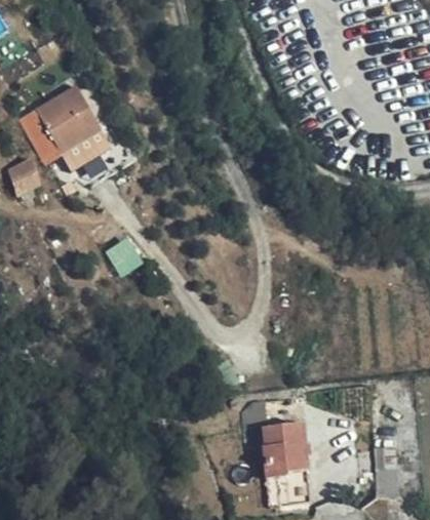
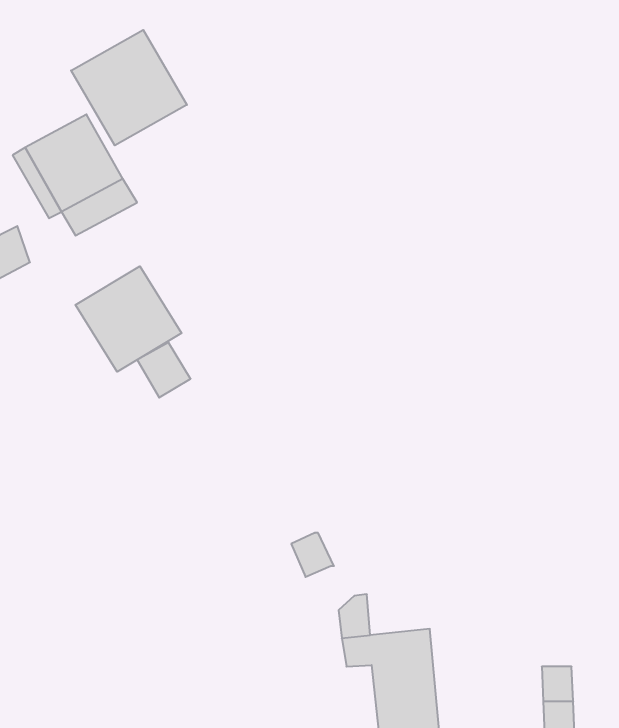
building: none -> [71,30,187,145]
building: none -> [75,266,182,372]

